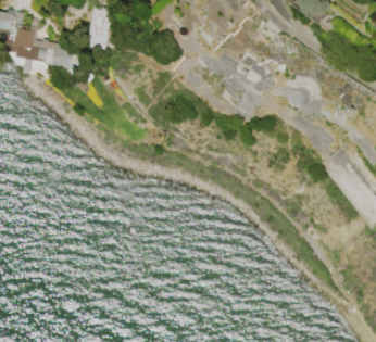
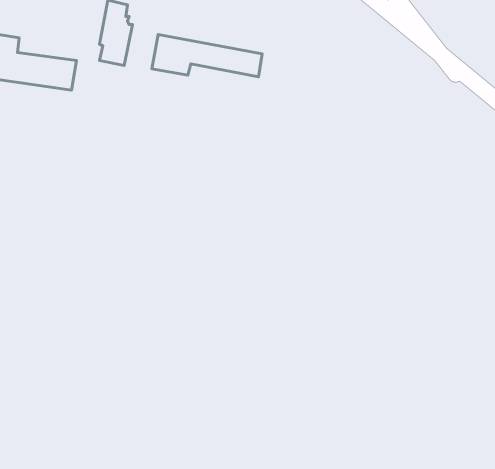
building: none -> [152,35,262,77]

